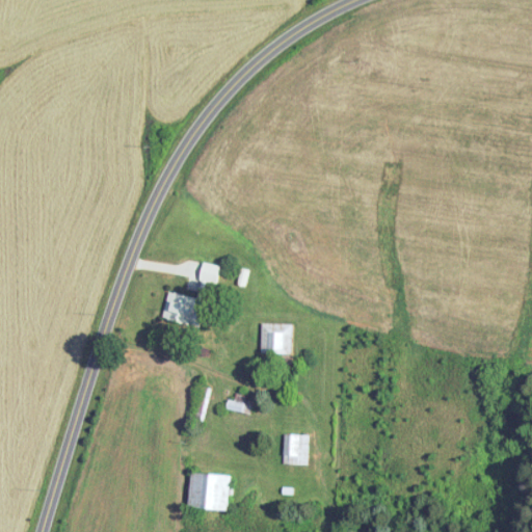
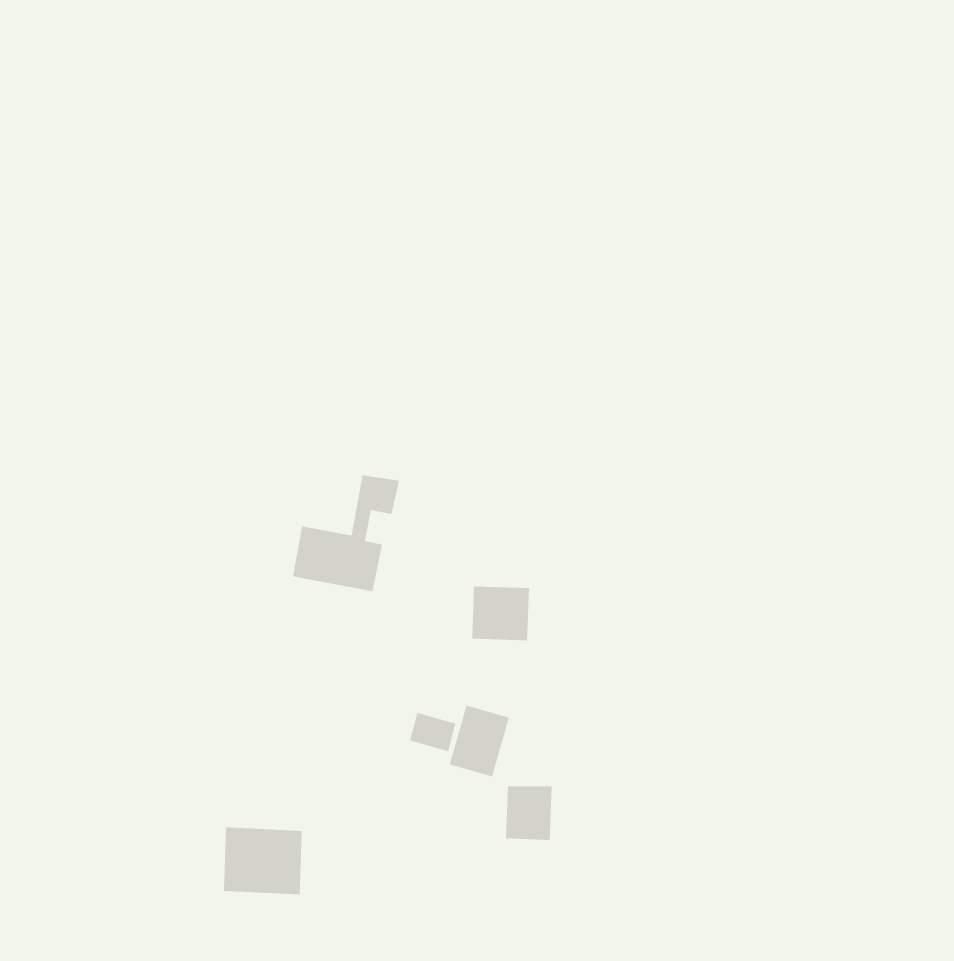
building: none -> [449,705,509,777]
building: [189,472,233,509] -> [223,827,302,895]

